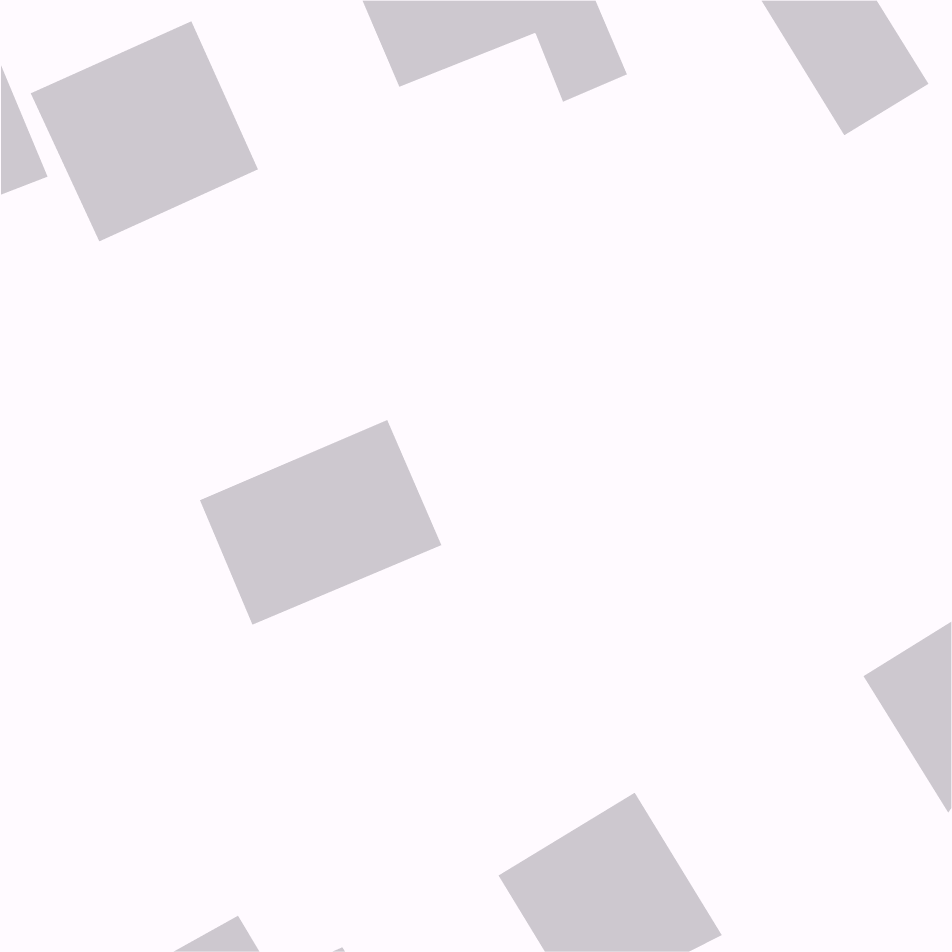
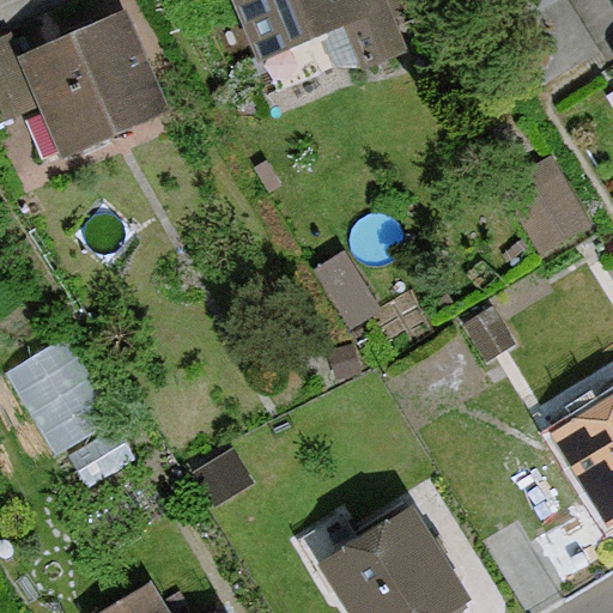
building: [199,419,442,626] -> none
building: none -> [16,330,111,442]

